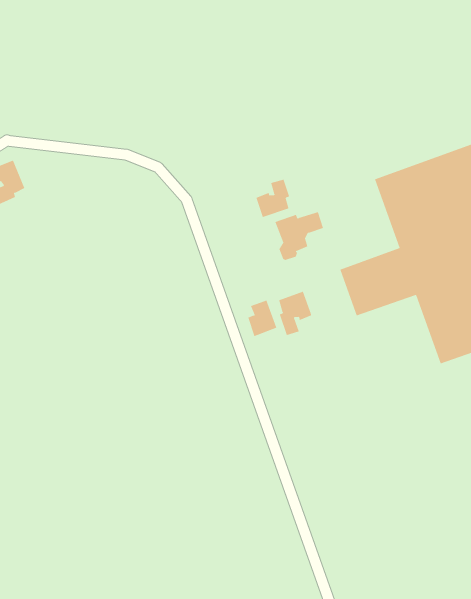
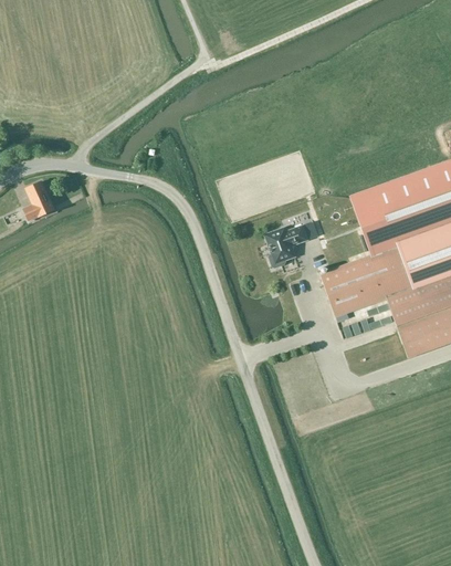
building: [256,179,290,218] -> none
building: [278,291,312,336] -> none

